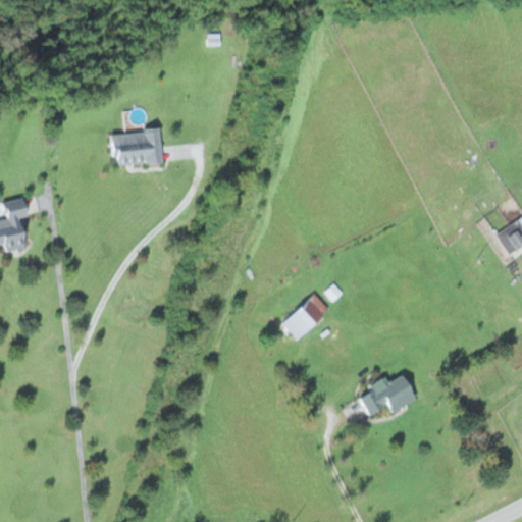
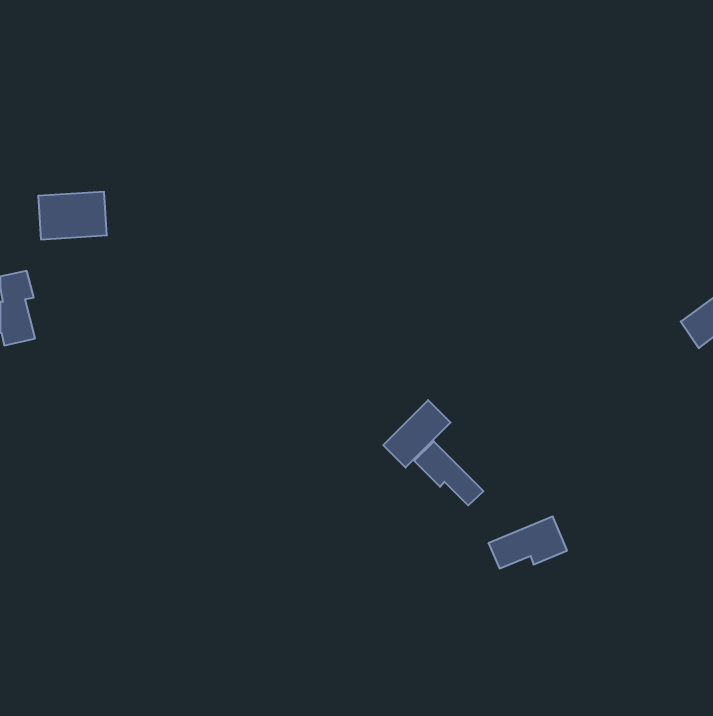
building: [112,130,162,165] -> [38,192,107,239]
building: none -> [414,441,483,505]

